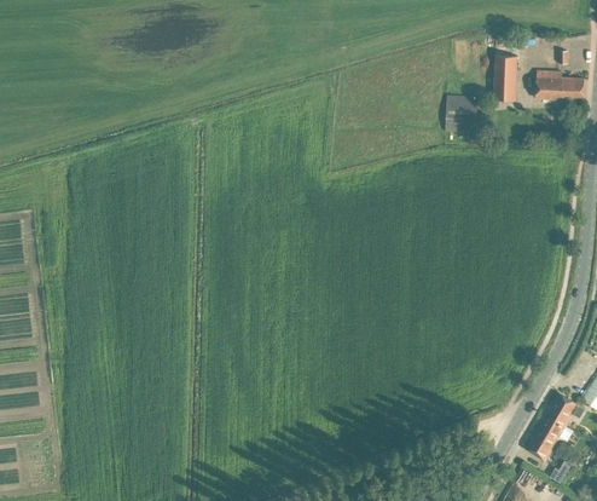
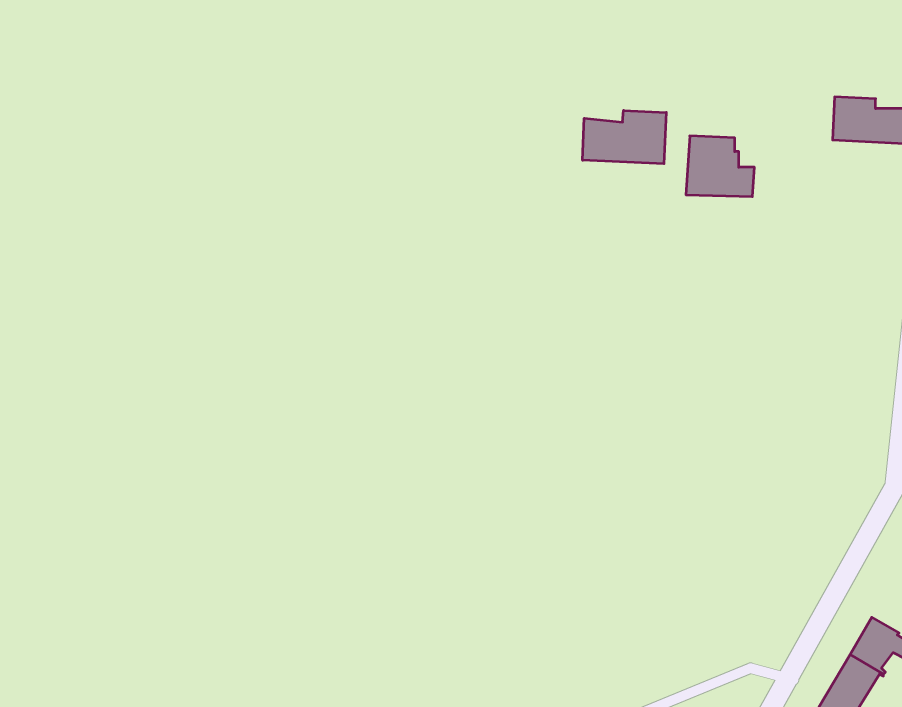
building: [493,56,517,100] -> none
building: none -> [583,110,666,164]

